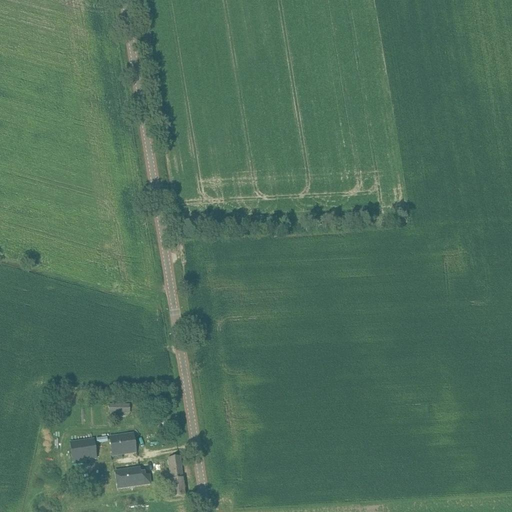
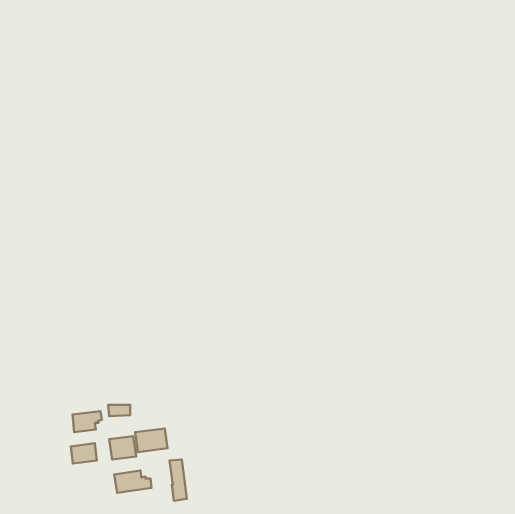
building: none -> [72,411,102,432]
building: none -> [135,429,167,452]

